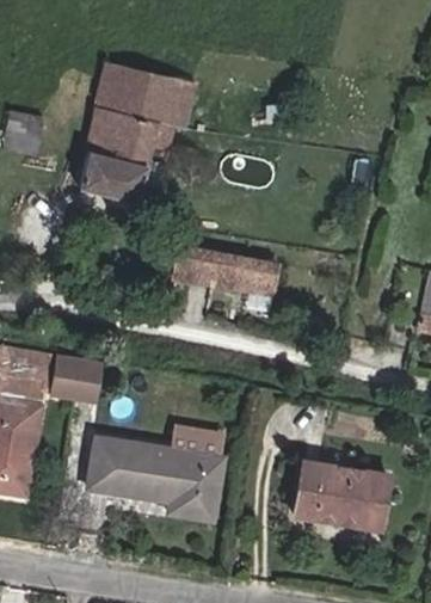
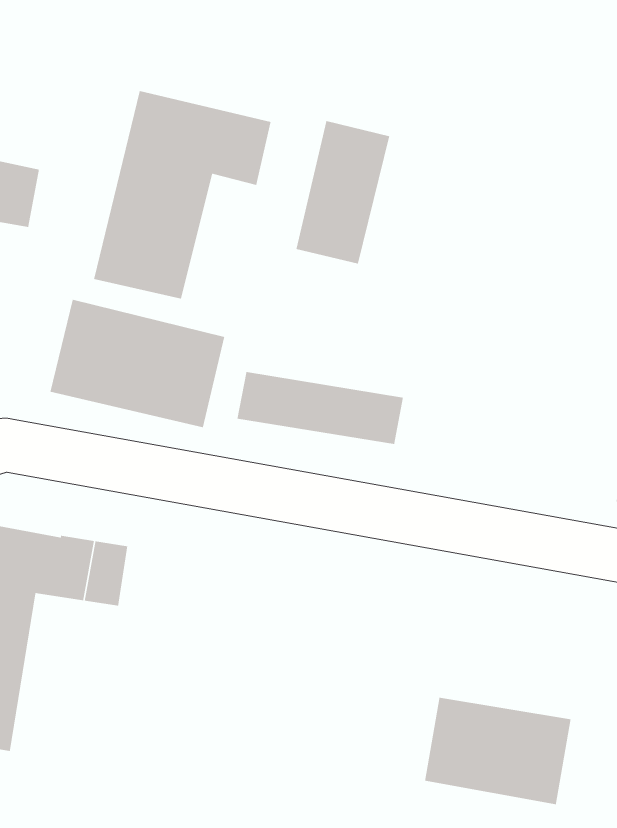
building: none -> [295,120,390,265]
building: none -> [49,299,225,428]
building: [88,426,223,519] -> none

